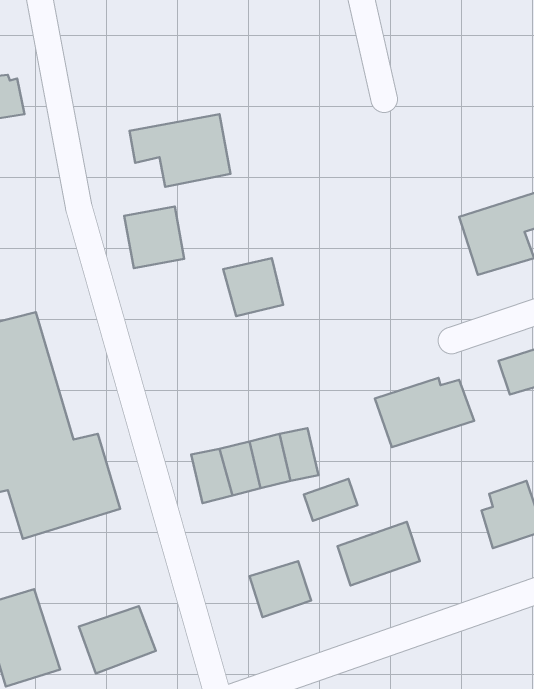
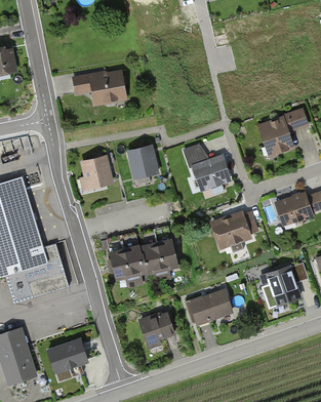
building: [124,207,184,268] -> [78,157,111,191]
building: none -> [182,145,230,190]
building: [304,479,357,521] -> none

